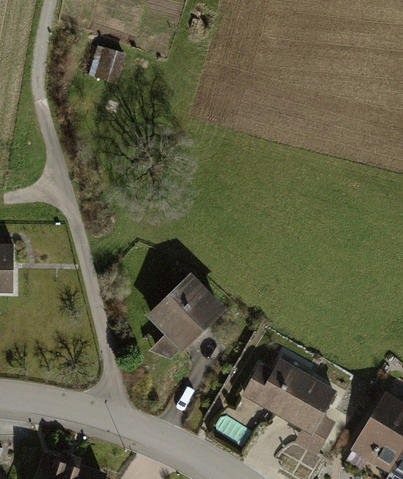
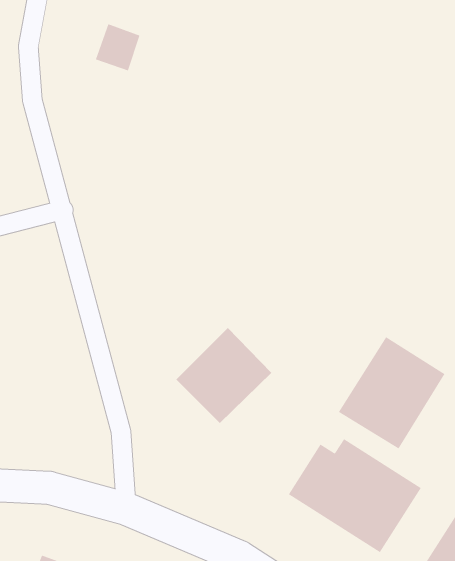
building: none -> [338,336,445,450]

